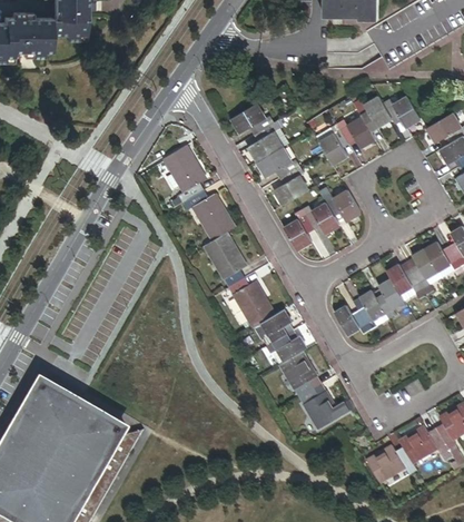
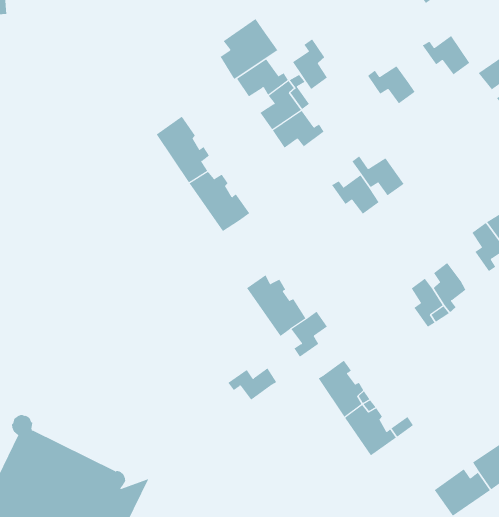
building: none -> [220,18,278,80]
building: [354,95,393,130] -> none
building: [319,122,347,164] -> [292,39,328,90]
building: [274,165,308,205] -> none
building: [284,208,312,249] -> none
building: [204,232,246,286] -> none
building: [386,263,423,293] -> none
building: [334,304,371,334] -> none
building: [266,335,306,361] -> [227,367,277,401]

